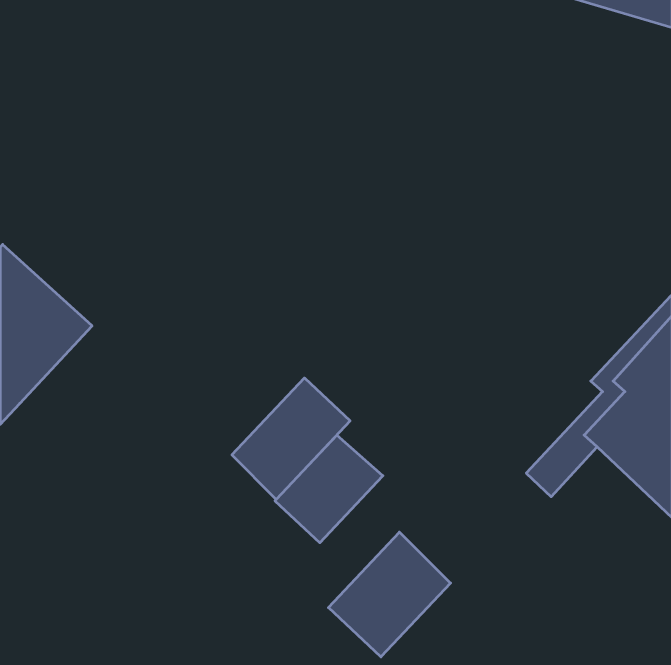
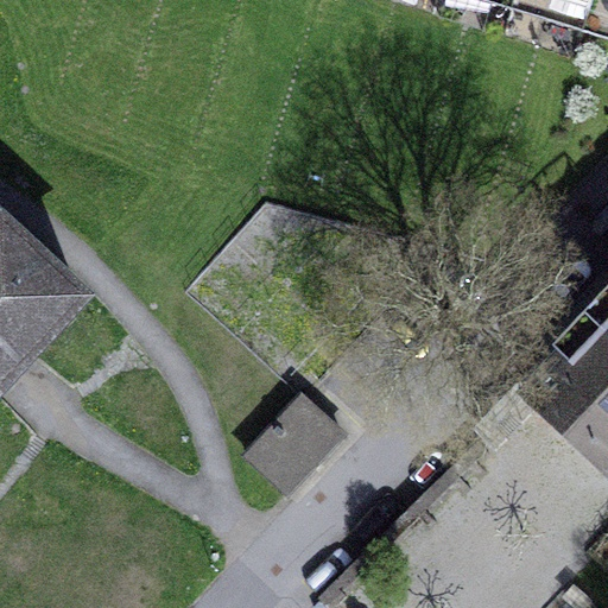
building: [232,378,350,499] -> none
building: [328,532,451,657] -> none

